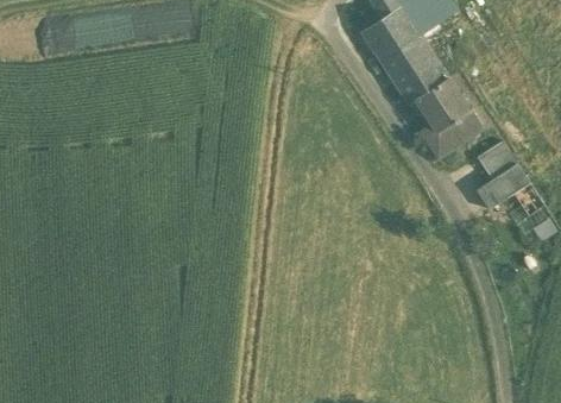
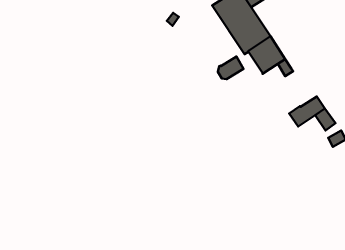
building: [430,118,468,151] -> [218,57,244,79]
building: [475,141,515,181] -> none

